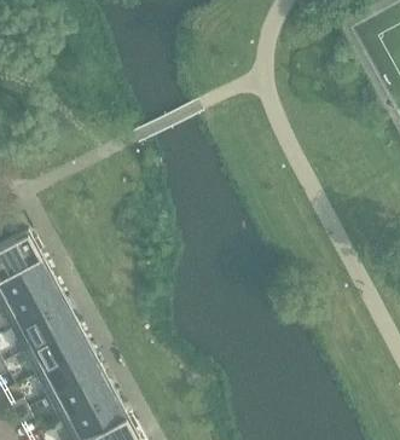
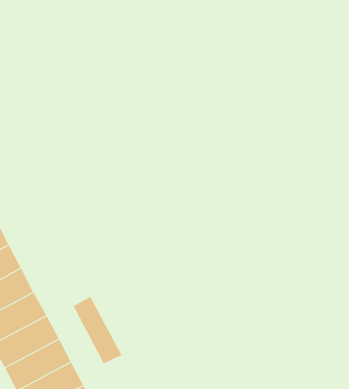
building: none -> [73,296,122,364]

